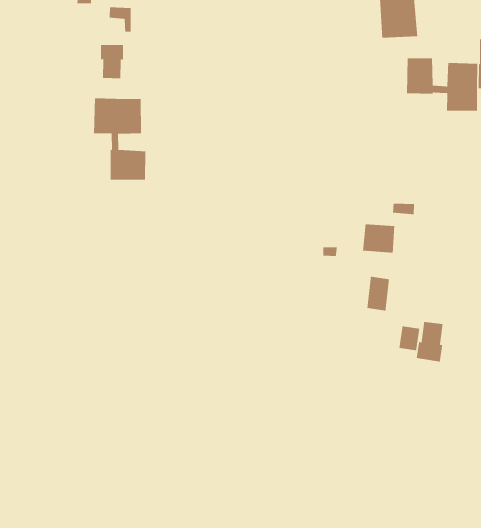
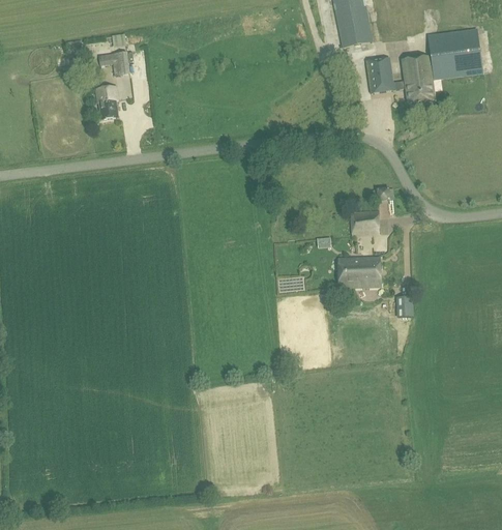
building: [93,97,146,180] -> none
building: none -> [338,257,363,287]
building: [416,321,443,362] -> none

